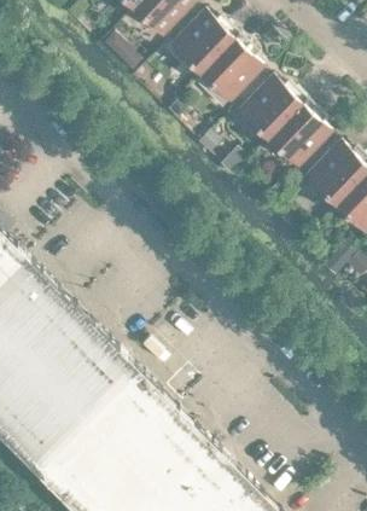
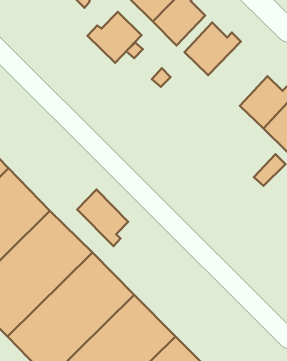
building: none -> [87,12,142,63]
building: [267,99,331,169] -> none
building: none -> [77,189,128,246]

